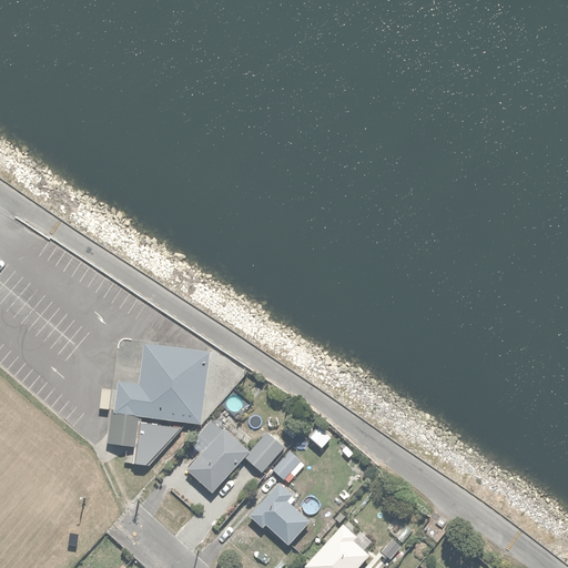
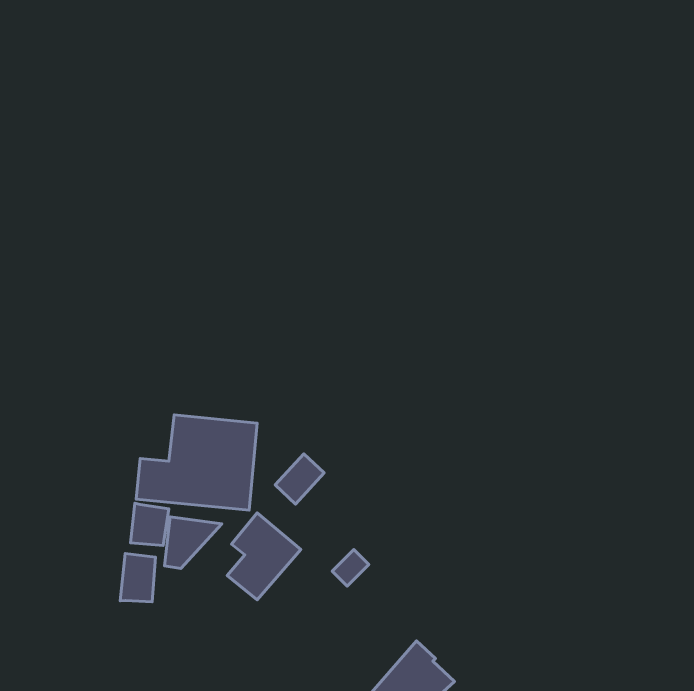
building: [245,435,285,476] -> [275,454,324,504]
building: none -> [120,553,155,602]
building: [247,484,307,545] -> none

